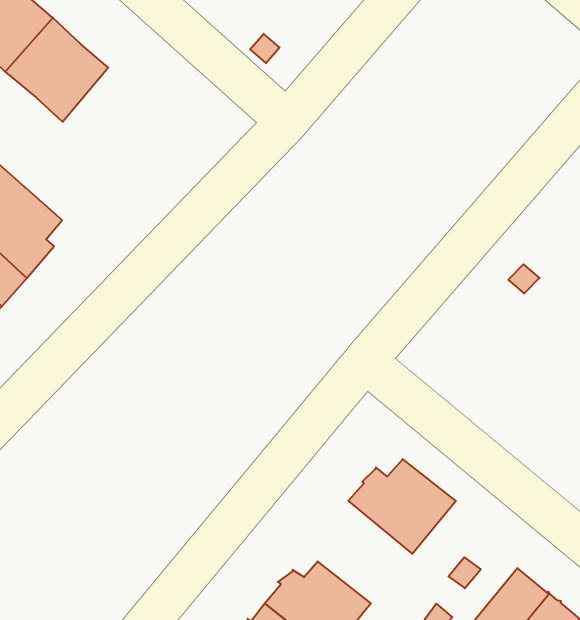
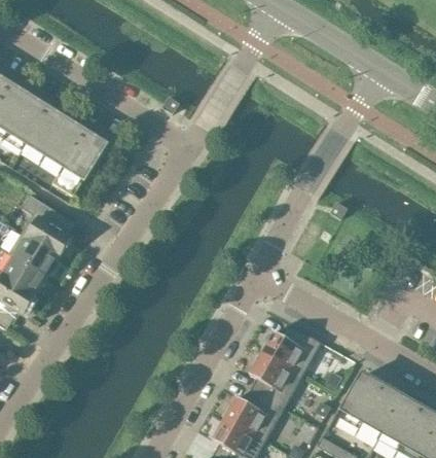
building: none -> [51,131,104,196]
building: none -> [249,352,301,408]

